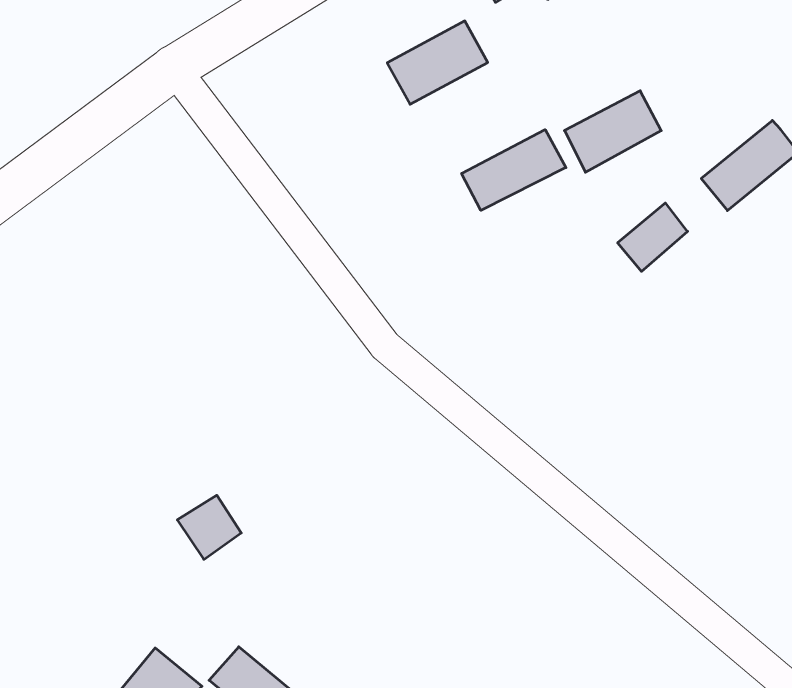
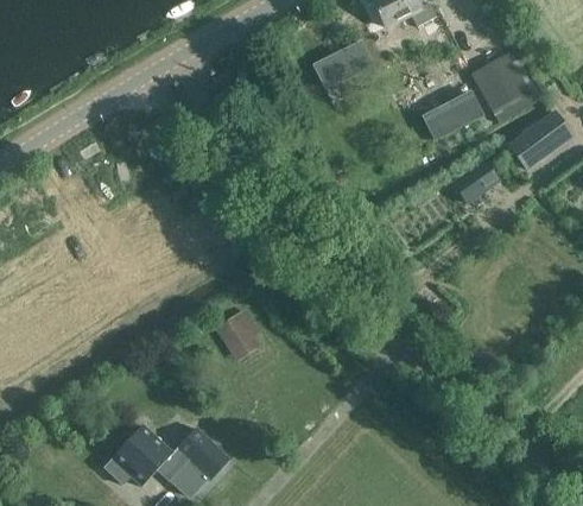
building: none -> [470,56,530,119]
building: [462,130,566,210] -> none
building: [177,495,241,559] -> [214,306,254,347]

